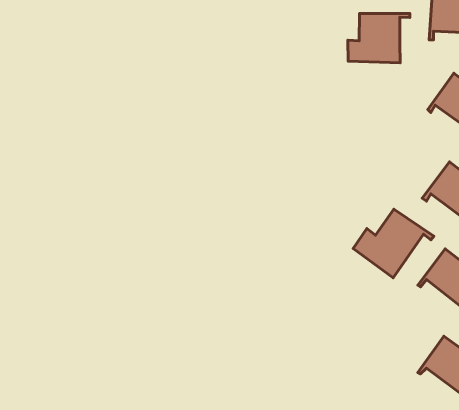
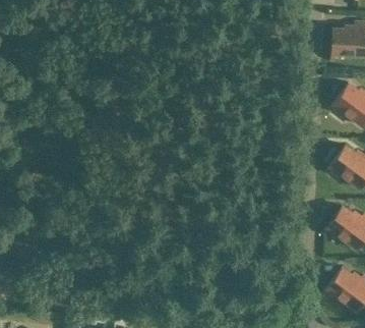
building: [348,13,410,63] -> none
building: [353,209,434,278] -> none

